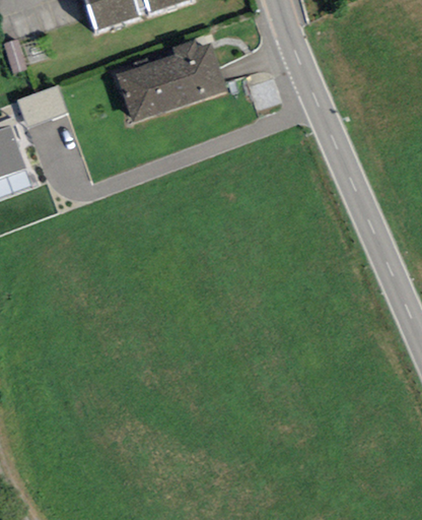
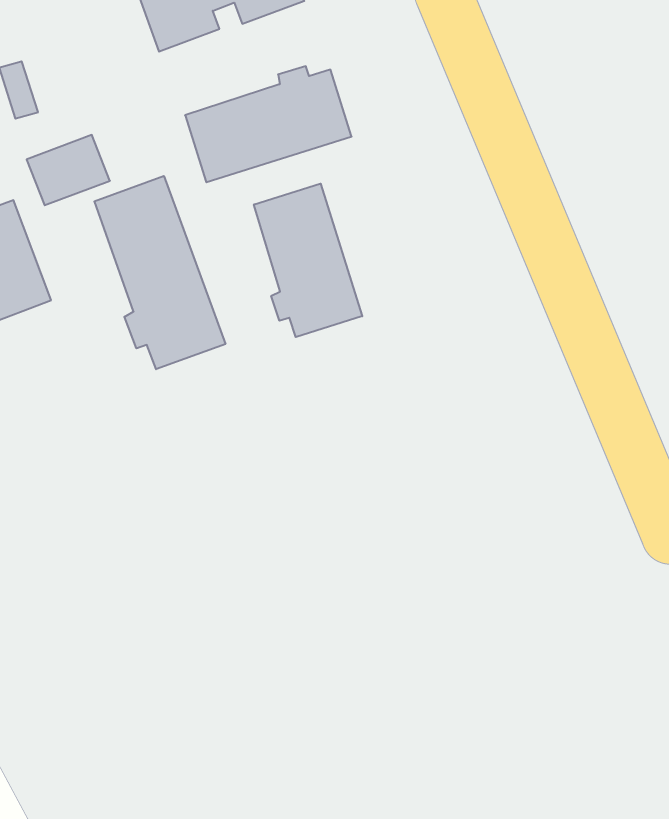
building: none -> [94,176,225,369]
building: none -> [254,184,362,337]

